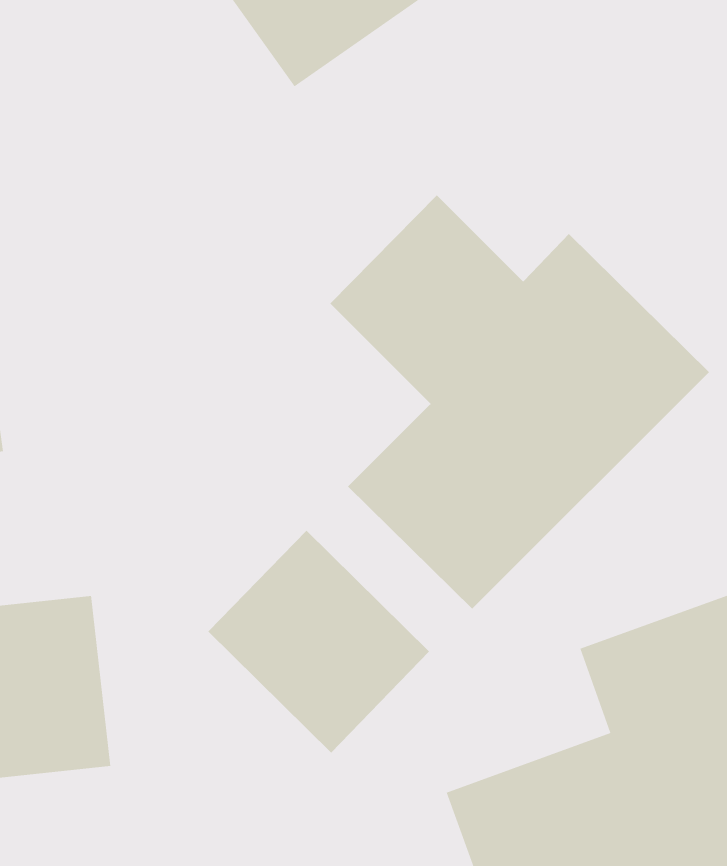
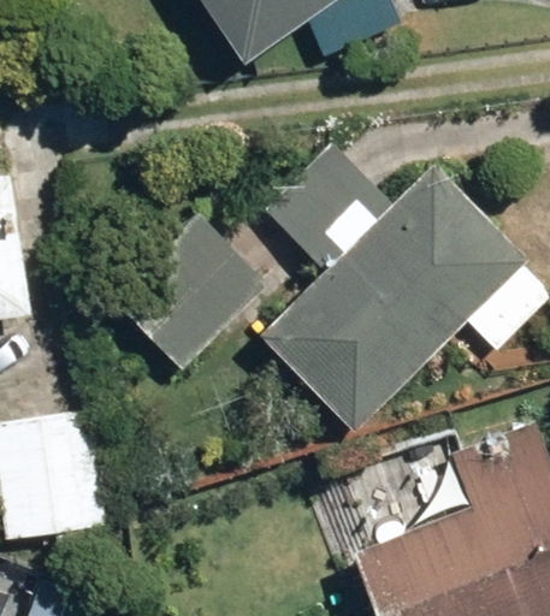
building: none -> [111,214,262,365]
building: [207,530,430,753] -> none

